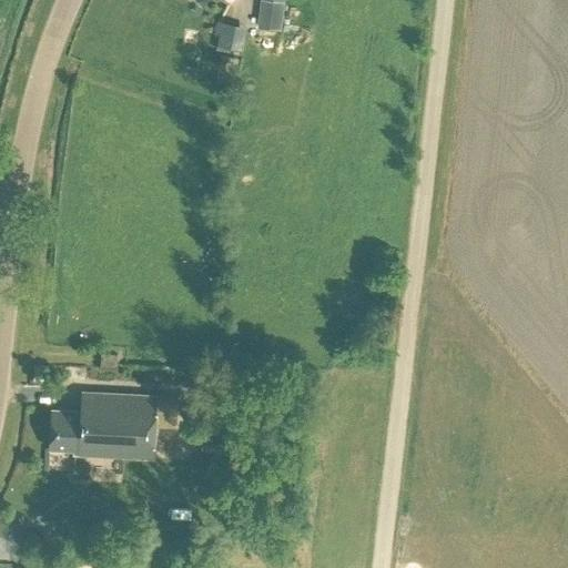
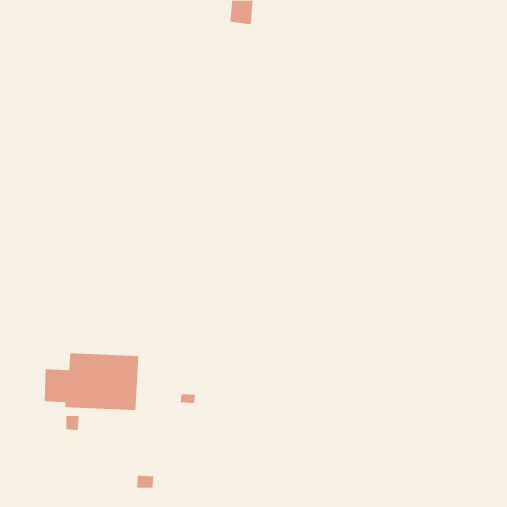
building: [213,21,245,51] -> none

